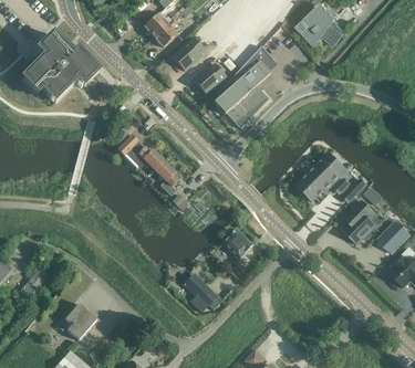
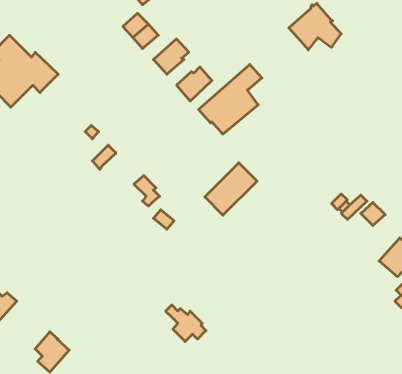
building: [126,141,164,169] -> none
building: [298,154,345,201] -> [205,163,257,215]
building: [345,200,375,243] -> none
building: [222,229,252,259] -> none

